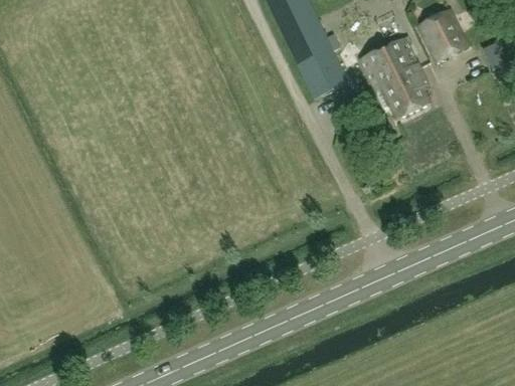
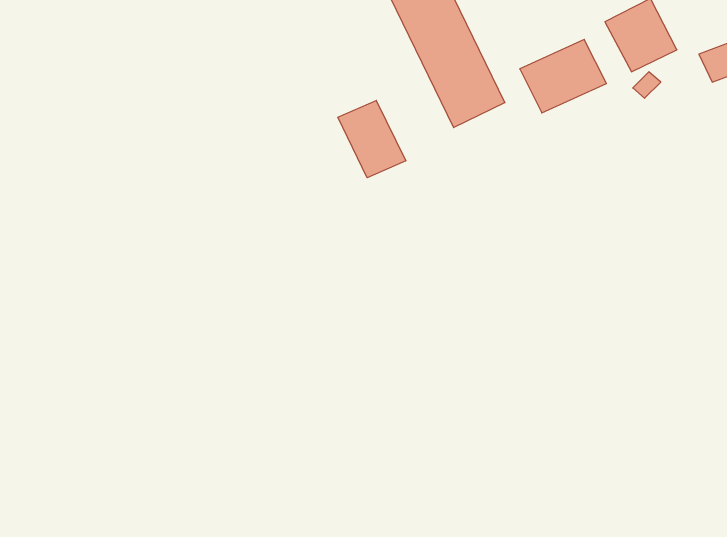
building: [374,67,430,119] -> none
building: none -> [338,100,406,178]

